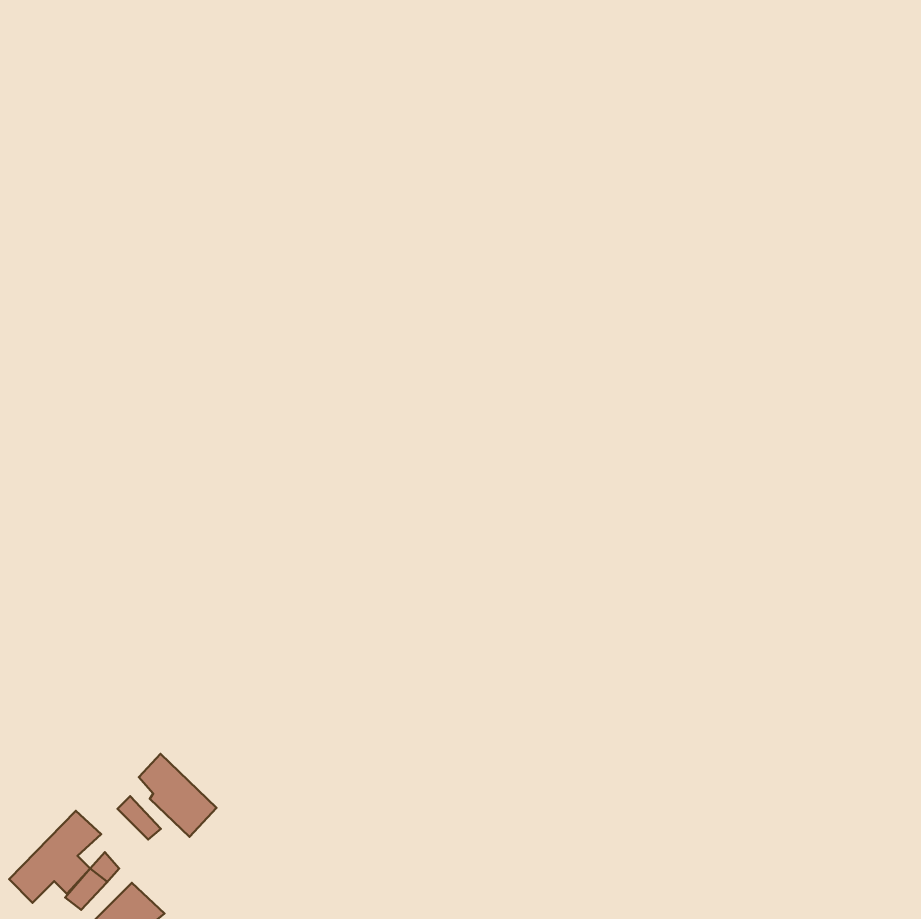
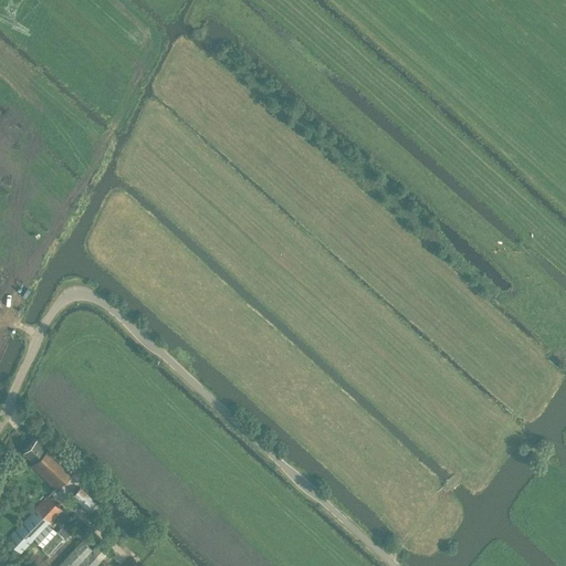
building: [139,754,217,837] -> [23,440,71,491]

